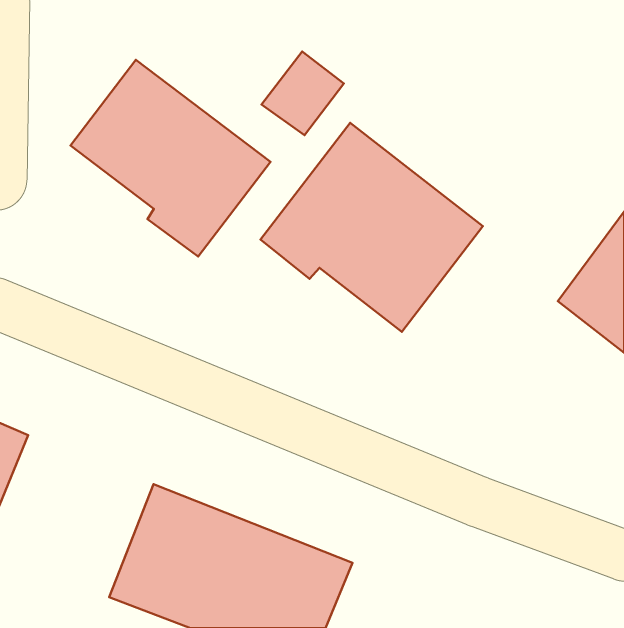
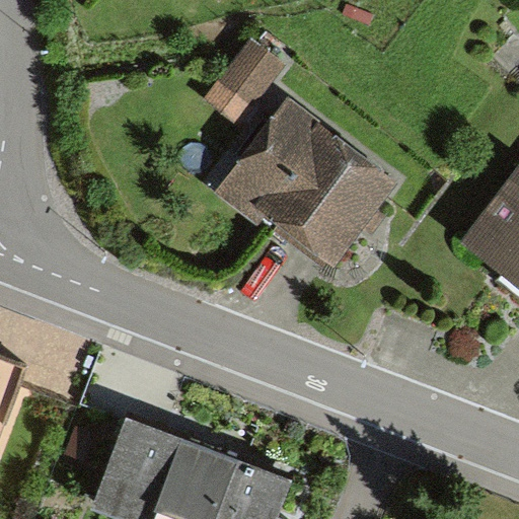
building: [70,60,271,257] -> none

